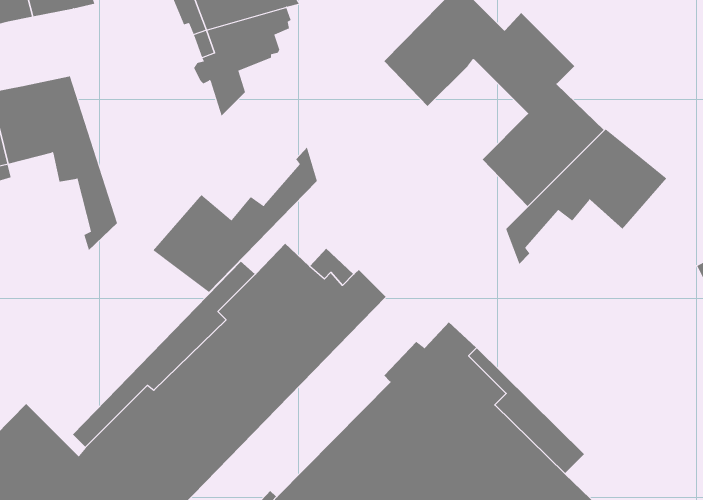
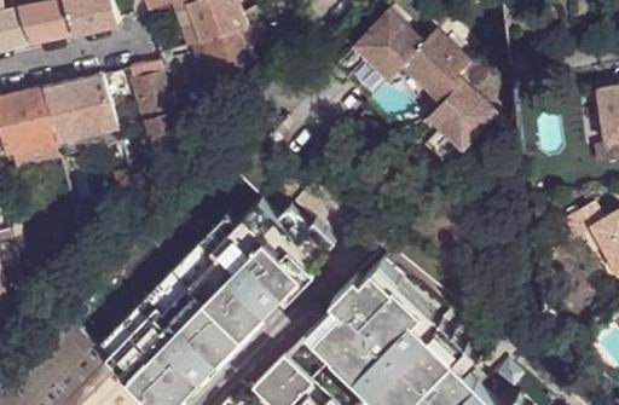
building: none -> [134,64,177,125]
building: [506,129,667,265] -> none
building: [152,147,318,293] -> none

